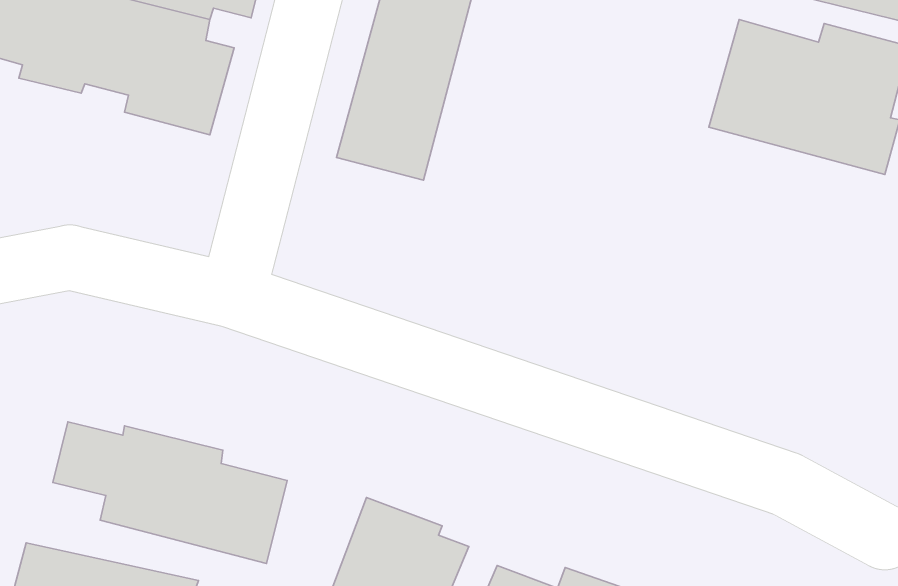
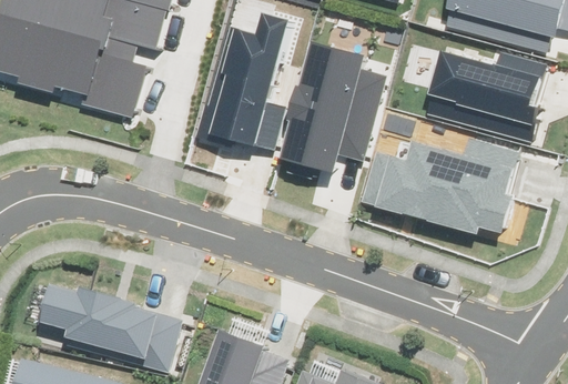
building: none -> [283,42,386,171]
building: none -> [359,139,518,234]

